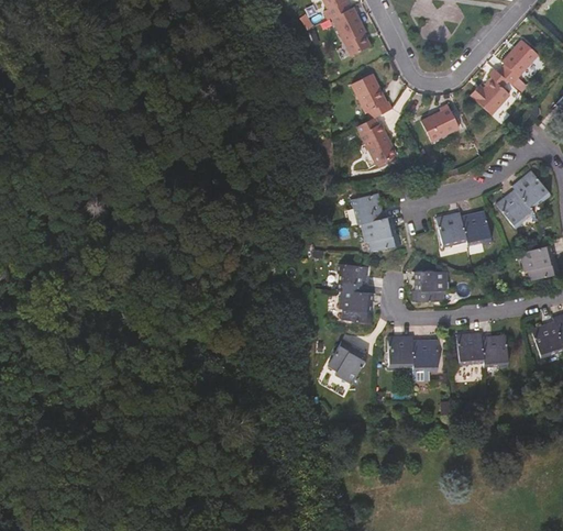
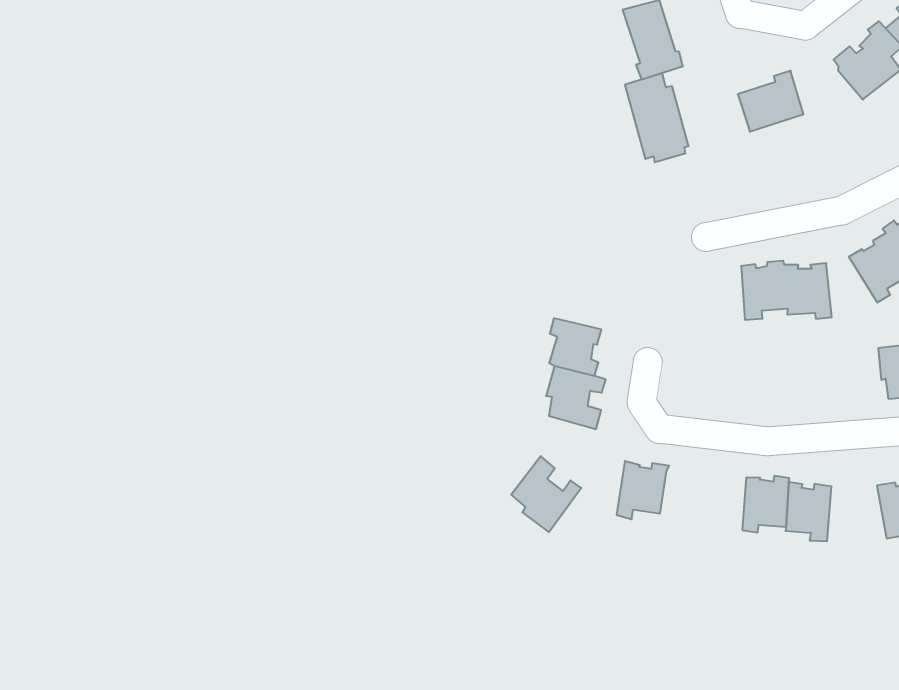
building: [350,191,400,250] -> none
building: [417,269,449,300] -> none
building: [413,339,439,369] -> none

